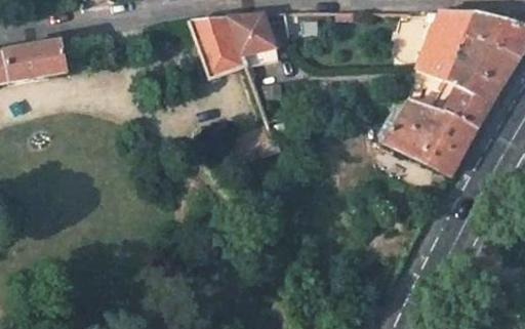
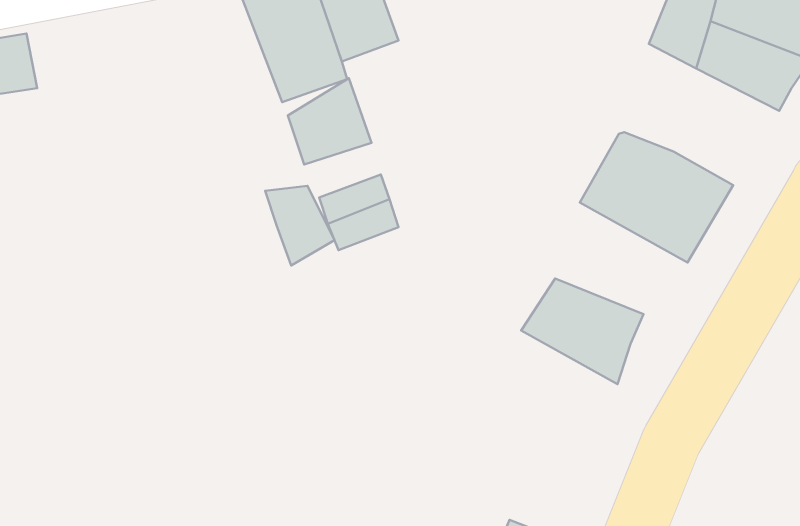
building: [437,60,498,128] -> none
building: none -> [288,78,371,165]
building: none -> [265,186,334,265]
building: none -> [521,278,644,384]

